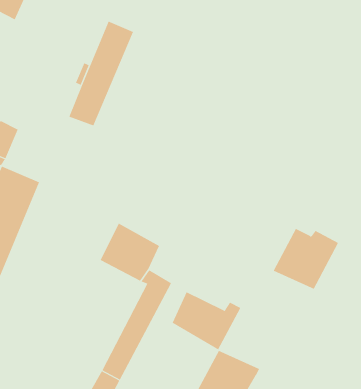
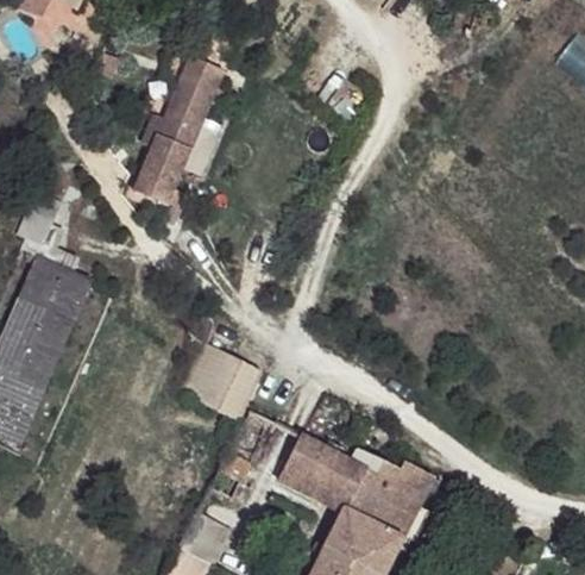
building: [273,228,339,289] -> [342,457,435,543]

